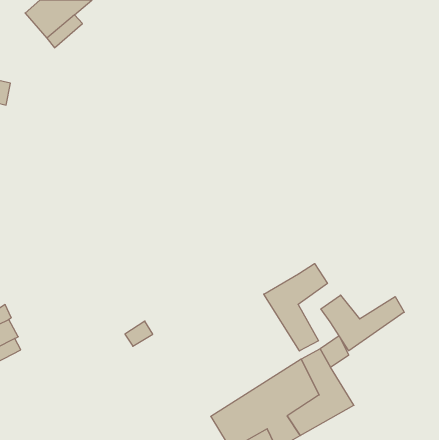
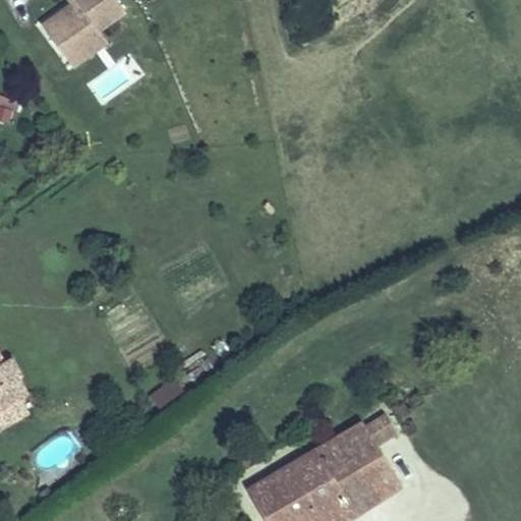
building: [264,264,327,351] -> none
building: [321,295,404,351] -> none

